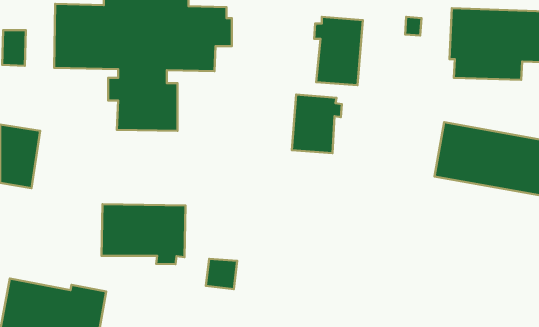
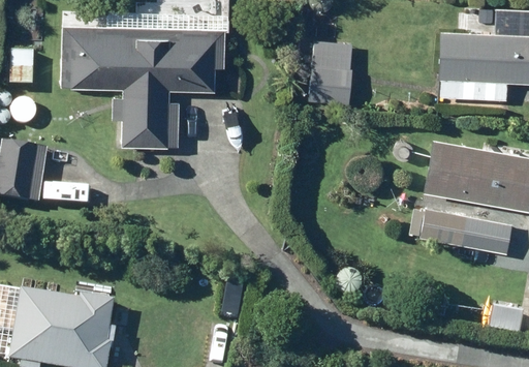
building: [292,95,342,153] -> none
building: none -> [422,210,511,255]
building: [102,204,186,264] -> none

